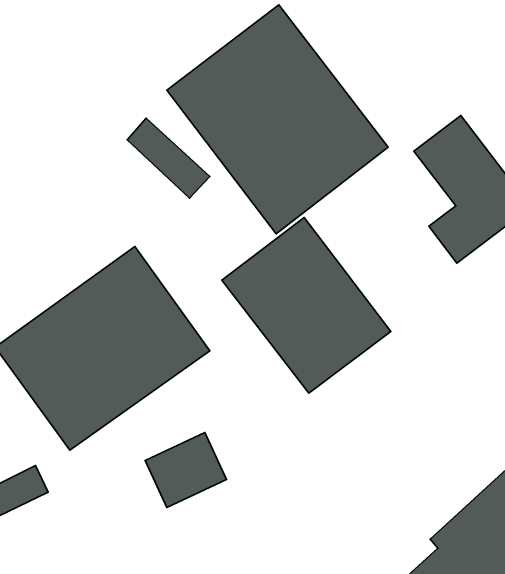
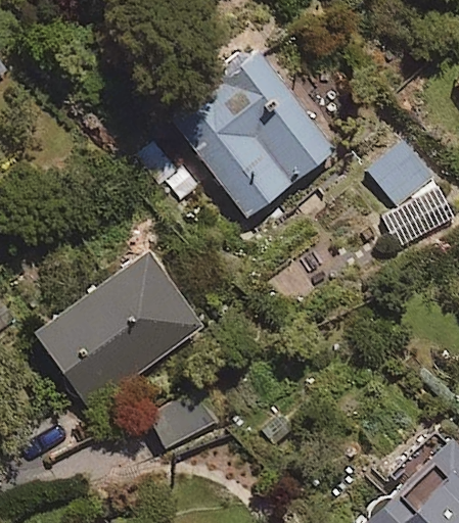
building: [222,218,391,393] -> none

